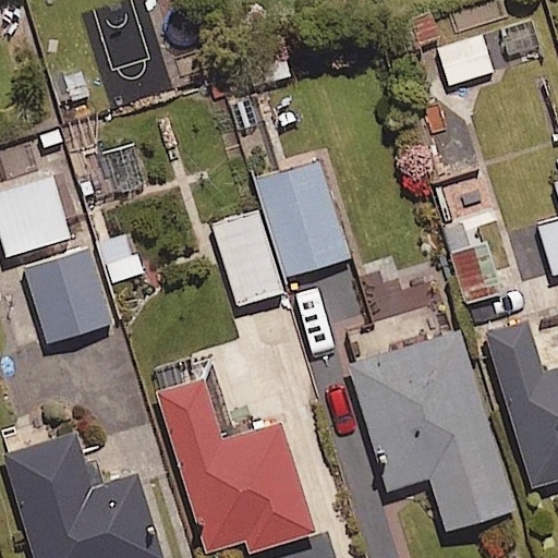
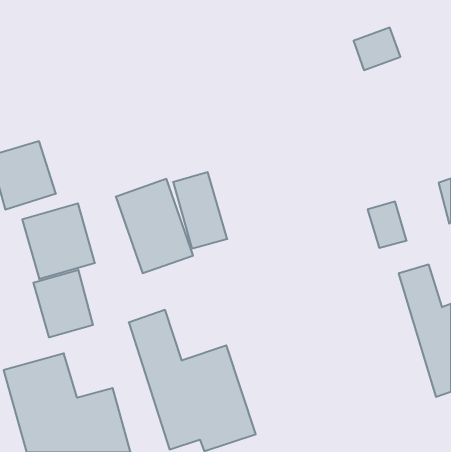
building: [254,161,349,277] -> [116,179,193,273]
building: none -> [33,270,93,337]
building: [353,333,514,532] -> none

